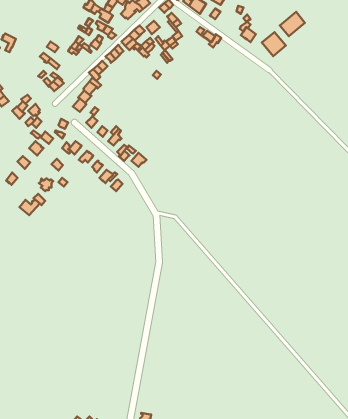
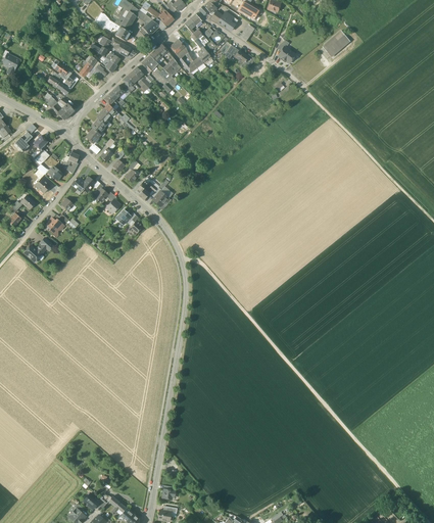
building: [262,32,286,56] -> none

